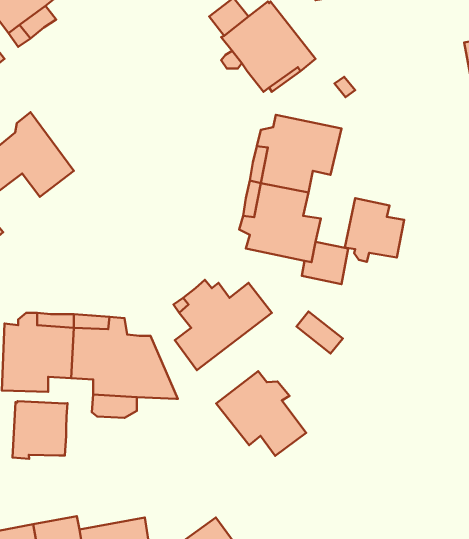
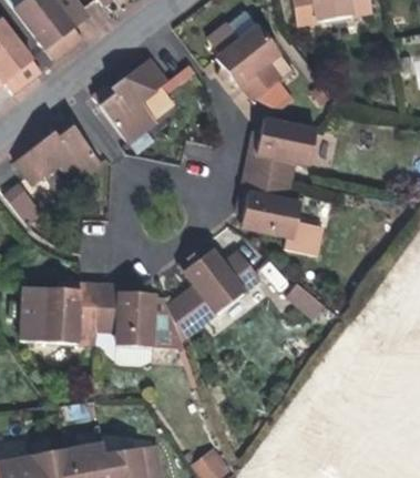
building: none -> [91,58,173,141]
building: [345,198,404,262] -> none
building: [216,371,306,456] -> none
building: [12,401,67,459] -> none

